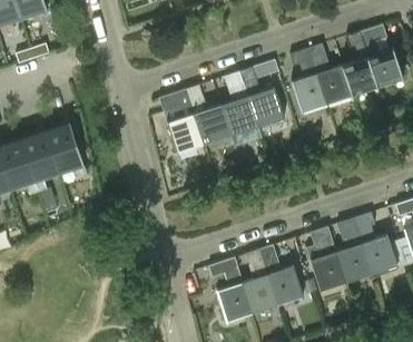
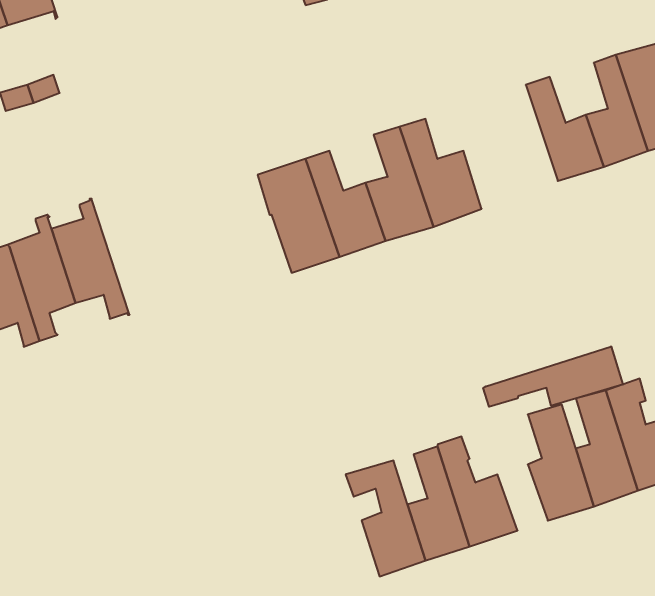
building: [289,48,326,110] -> none
building: none -> [483,346,623,407]

